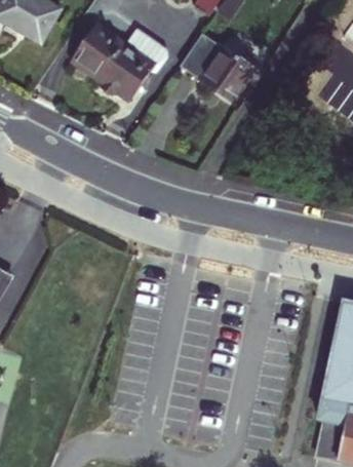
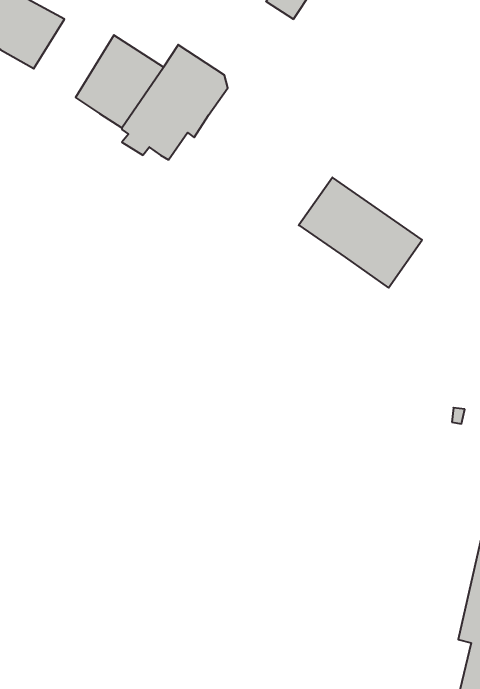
building: [184,36,263,107] -> [299,177,422,288]

